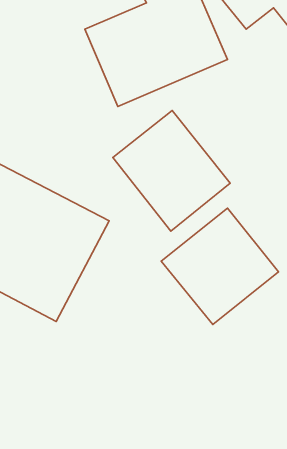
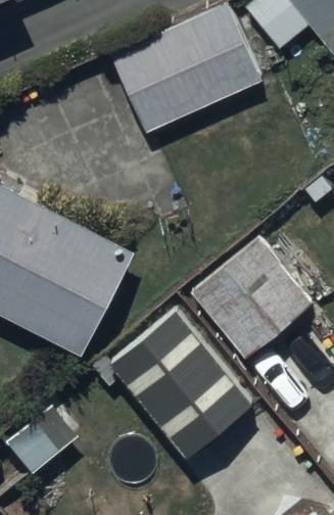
building: [113,111,230,231] -> none
building: none -> [109,310,250,457]

